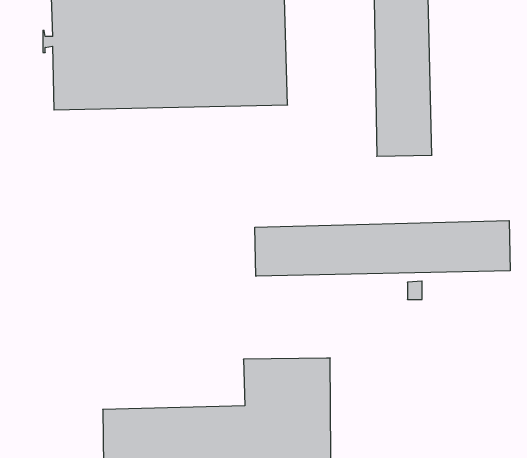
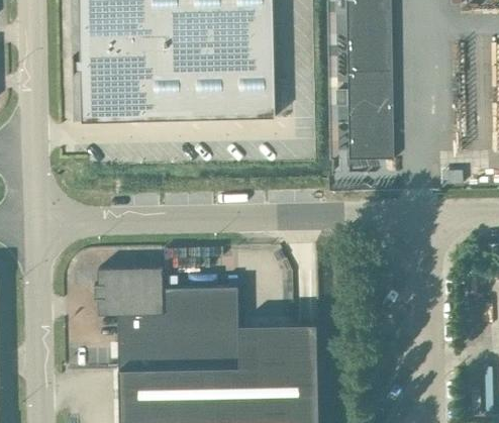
building: [255,221,510,276] -> none
building: none -> [95,266,240,368]

